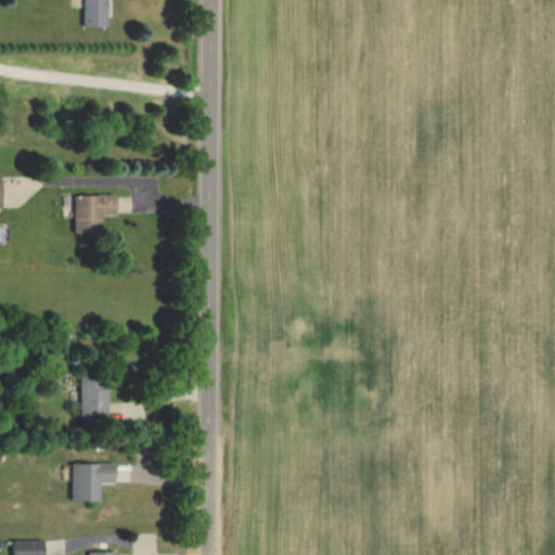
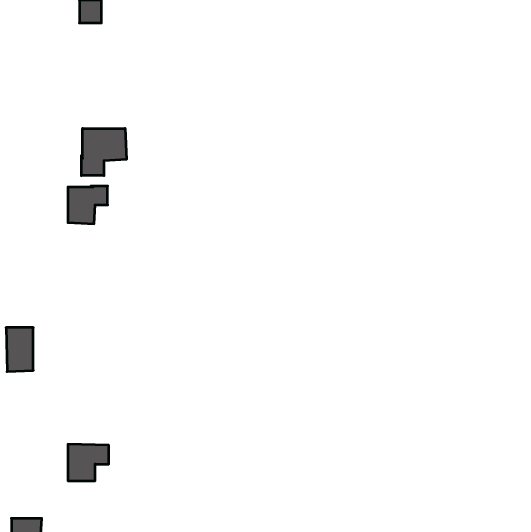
building: none -> [81,128,126,176]
building: [81,376,109,422] -> [6,328,33,372]

